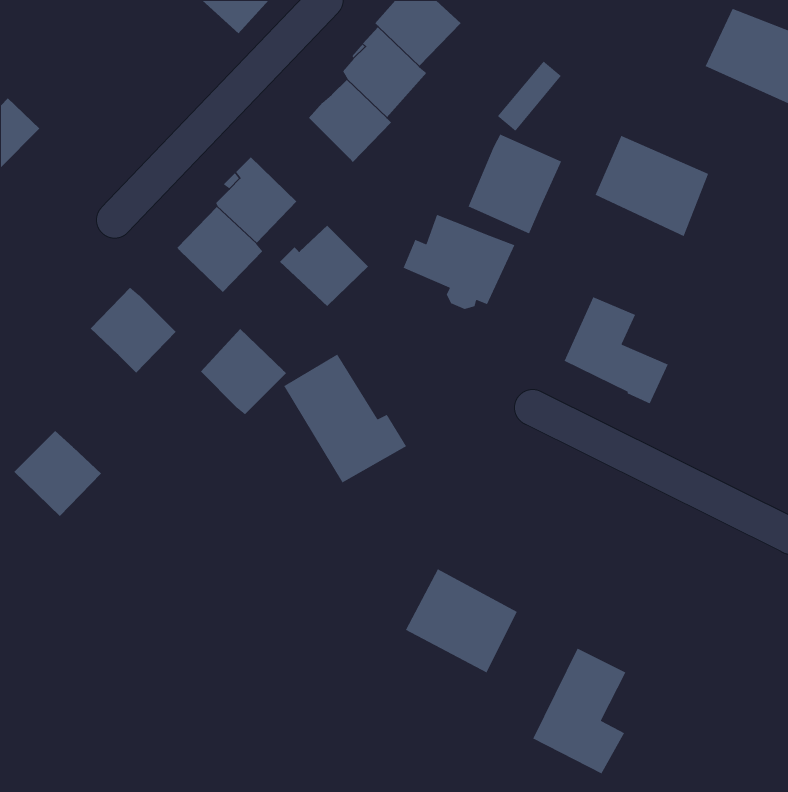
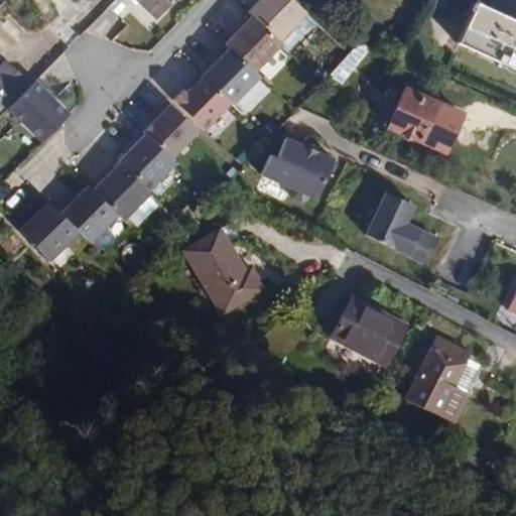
building: none -> [11,84,71,143]
building: [467,134,562,234] -> none
building: [279,225,369,307] -> [171,77,230,130]
building: [200,328,287,415] -> [93,163,149,220]
building: [13,430,102,517] -> [21,203,79,259]
building: [405,568,518,674] -> [333,296,406,365]
building: [532,648,627,775] -> [408,339,470,421]

